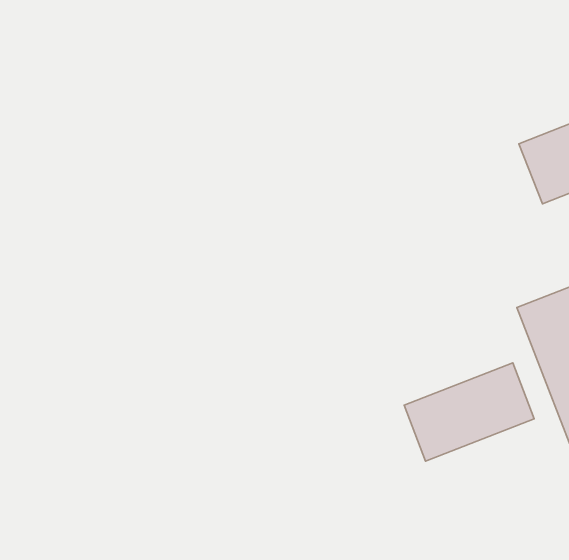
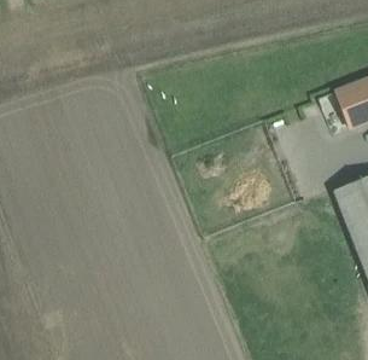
building: [404,363,534,461] -> none

